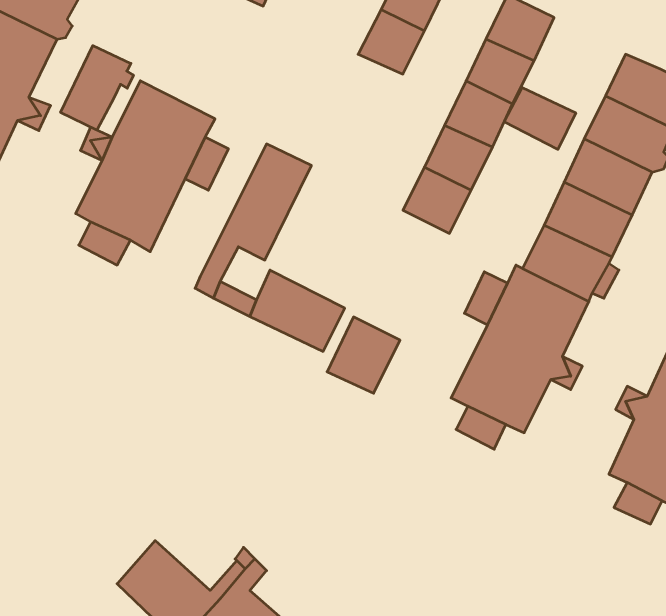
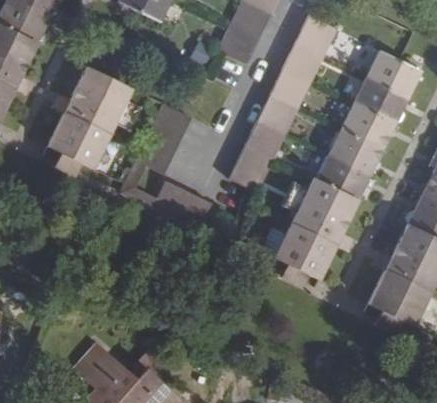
building: [61,46,133,130] -> none
building: [504,87,576,149] -> none
building: [327,317,400,393] -> [229,144,273,190]

